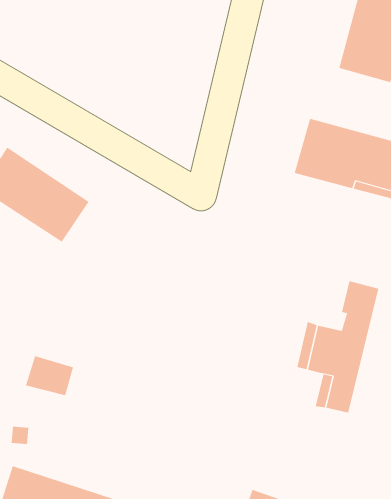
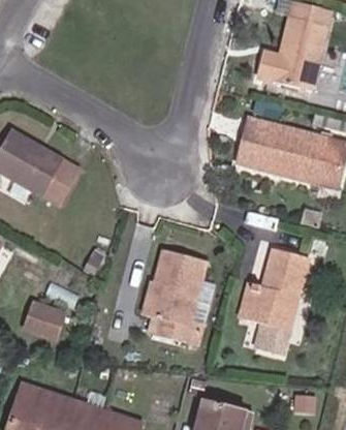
building: none -> [146,244,205,338]

